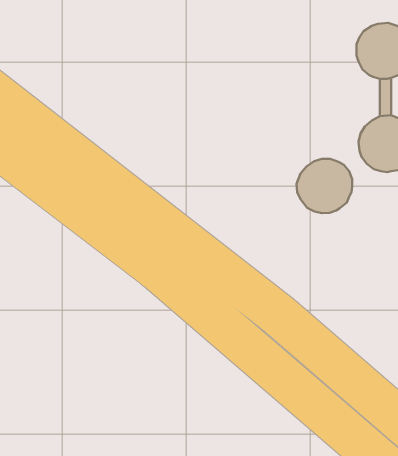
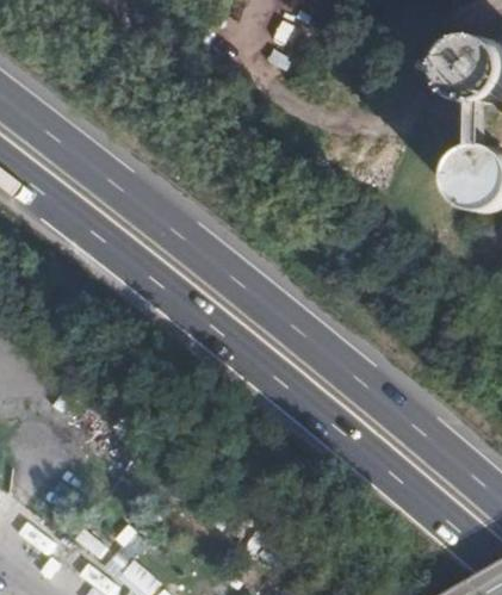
building: [297,159,352,213] -> none

